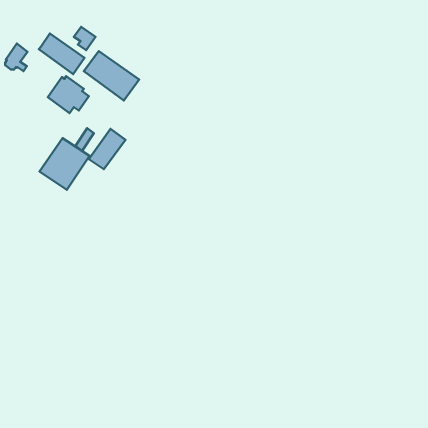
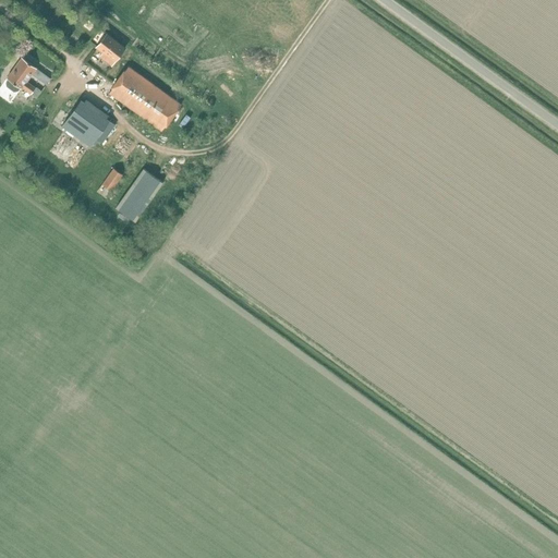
building: [39,33,85,74] -> none
building: [39,138,89,190] -> none

